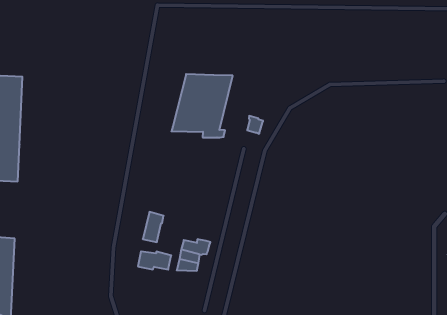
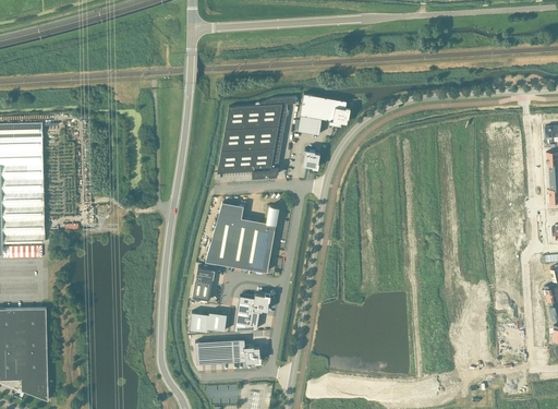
building: none -> [296,95,349,135]
building: none -> [204,203,278,273]
building: none -> [194,339,259,364]

